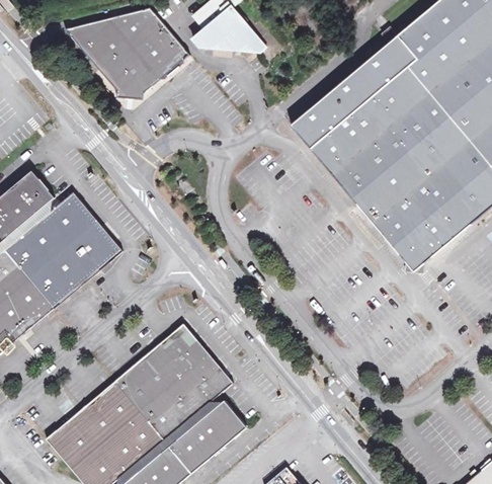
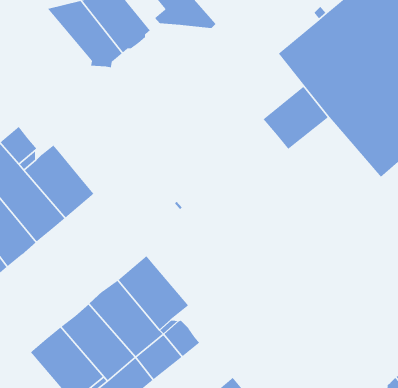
building: [291,83,371,161] -> none
building: [352,159,463,271] -> none

